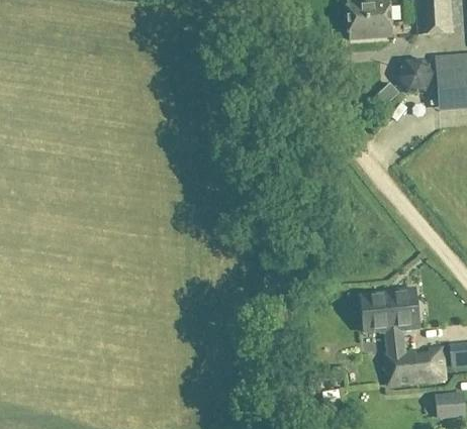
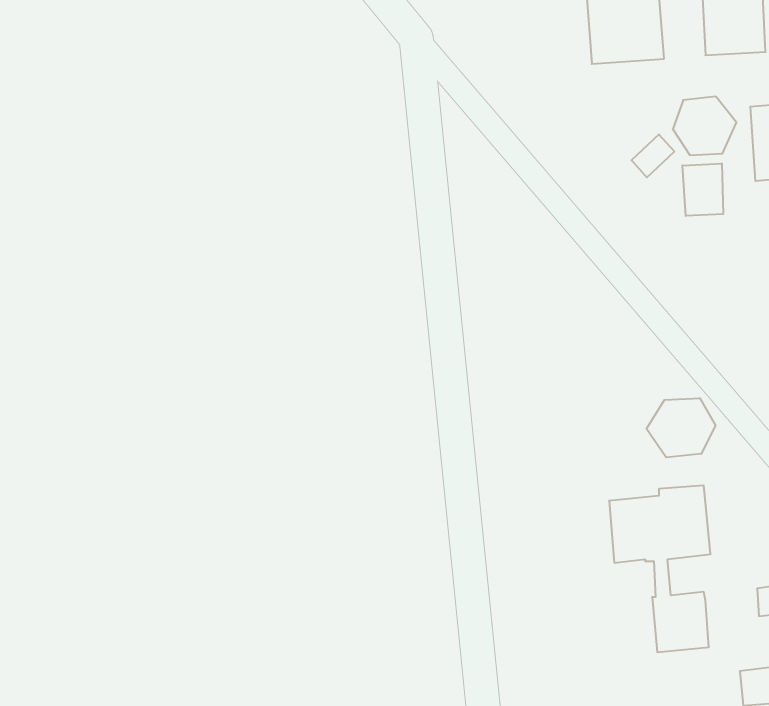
building: none -> [682,163,723,216]
building: none -> [647,398,715,457]
building: [416,347,446,382] -> none

